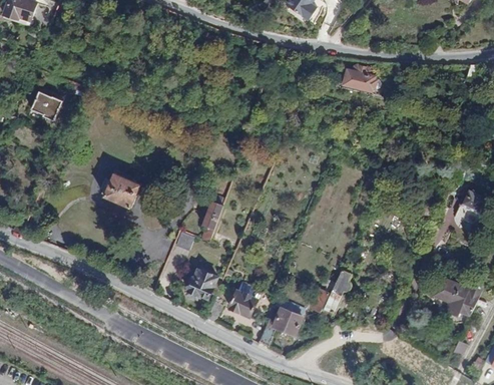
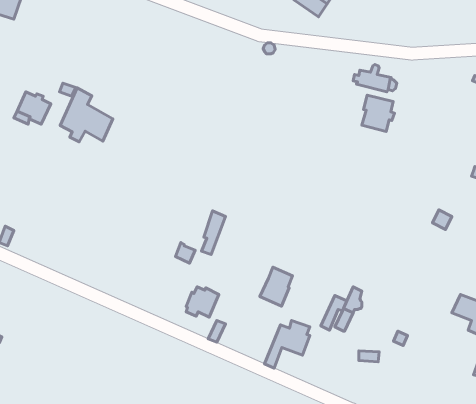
building: none -> [60,88,113,142]
building: none -> [362,95,395,132]
building: [101,172,140,208] -> none
building: [230,281,261,317] -> [260,267,292,306]

